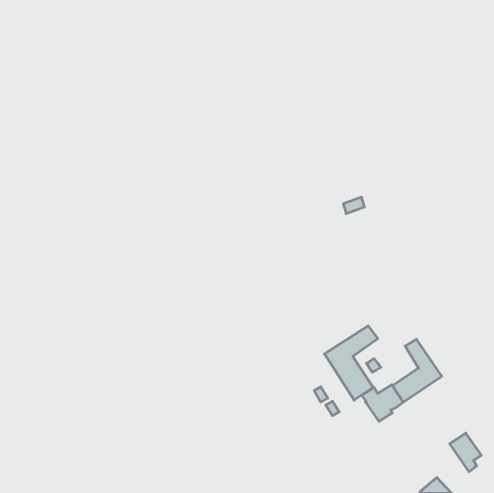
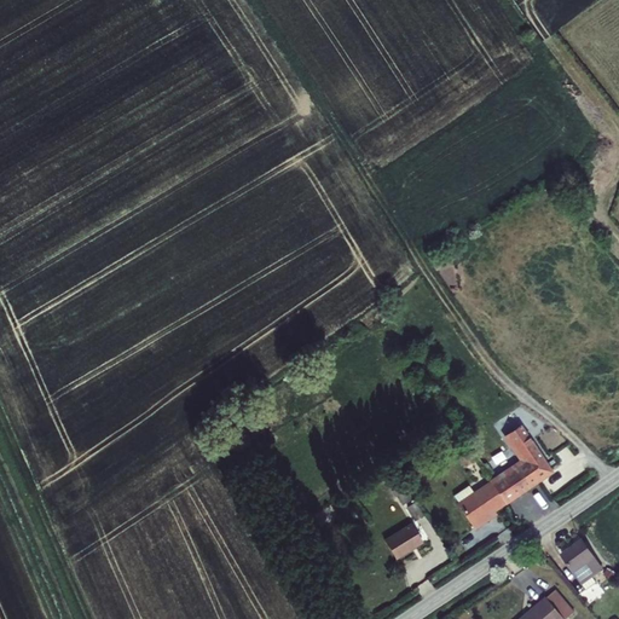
building: [324,326,378,400] -> none
building: none -> [384,523,423,559]

